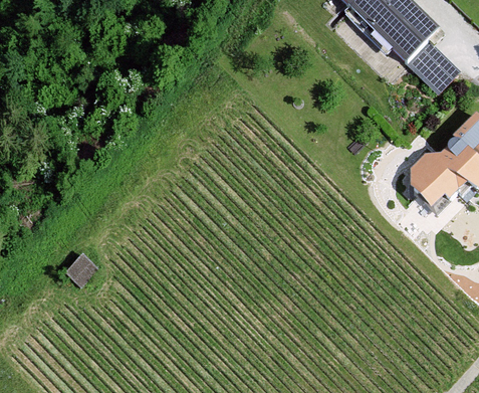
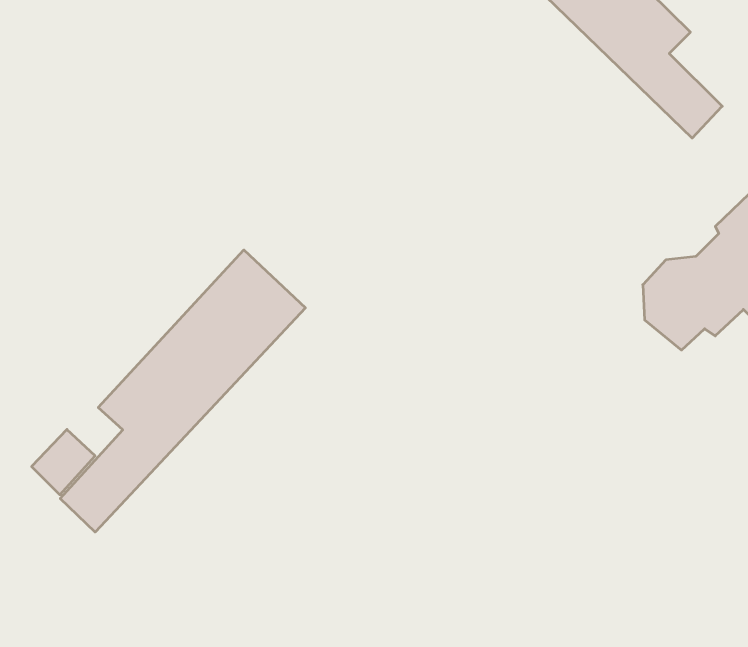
building: none -> [60,250,305,532]

